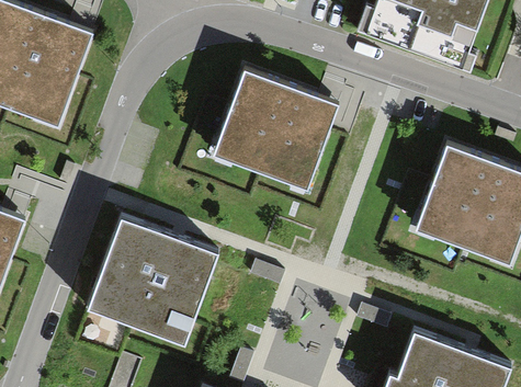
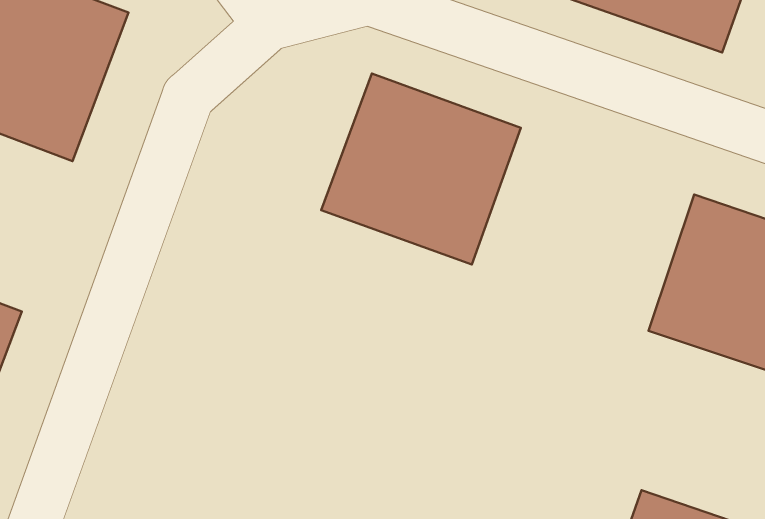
building: [93,221,214,339] -> none

